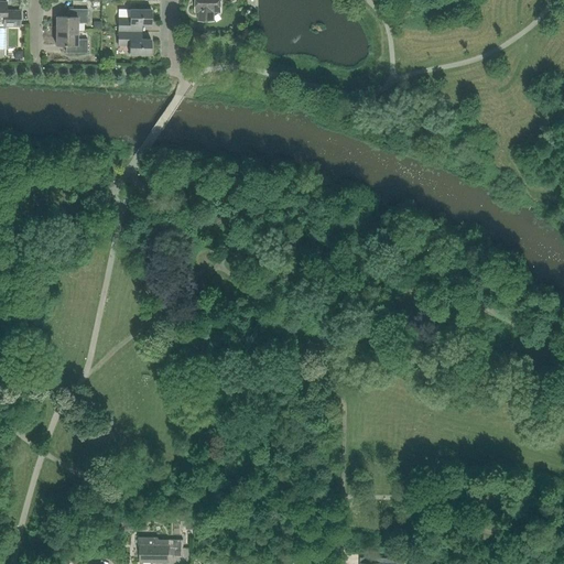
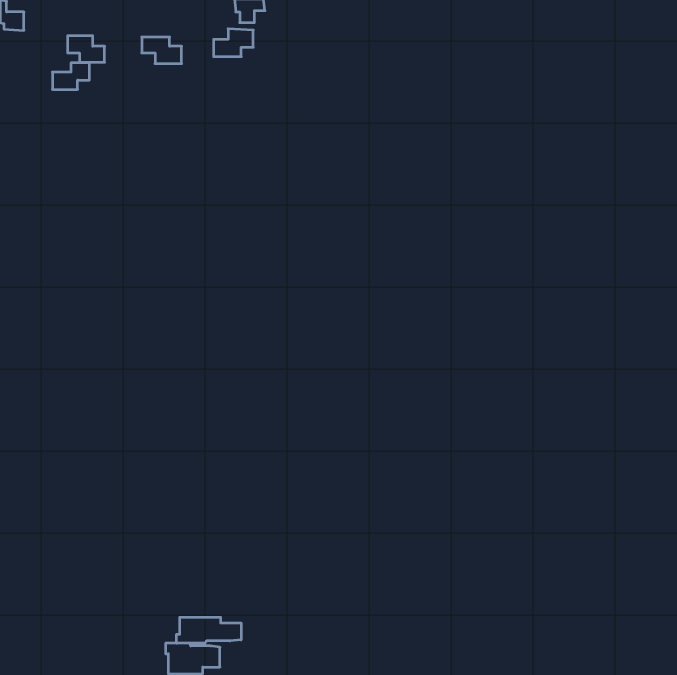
building: [56,8,87,30] -> [52,63,89,89]
building: [118,8,151,31] -> [214,29,253,57]
building: none -> [177,617,241,643]

